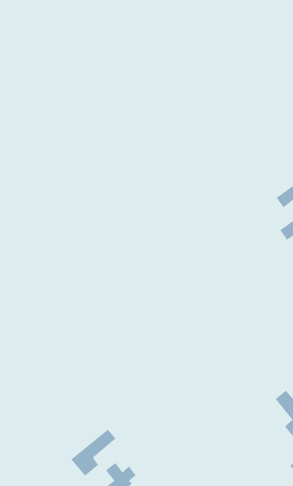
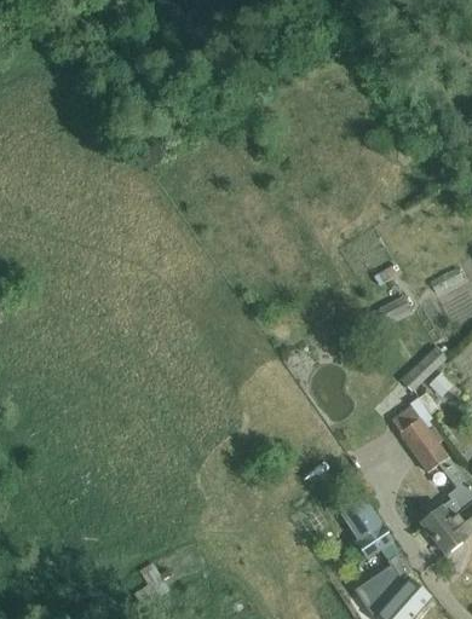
building: [71,429,116,476] -> none

